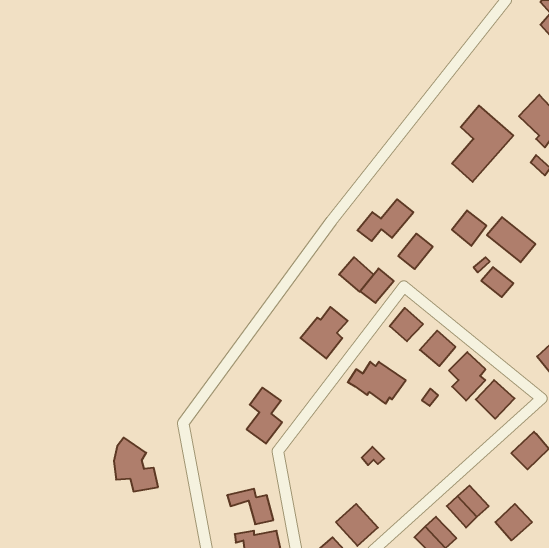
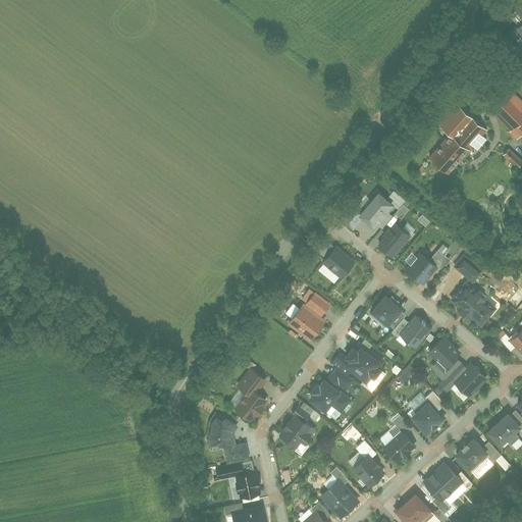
building: [452,210,486,246] -> [405,252,437,285]
building: [487,217,535,262] -> [451,282,497,325]
building: [360,268,394,303] -> none
building: none -> [307,368,355,414]
building: none -> [409,392,446,436]
building: none -> [278,407,317,450]
building: none -> [382,416,417,464]
building: [114,438,158,491] -> [208,413,250,464]
building: none -> [351,455,385,489]
building: [495,504,532,540] -> [454,435,488,470]

